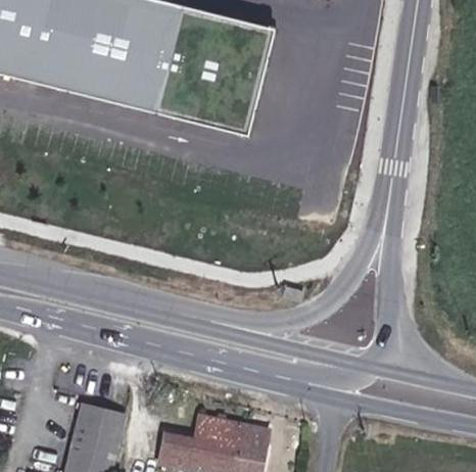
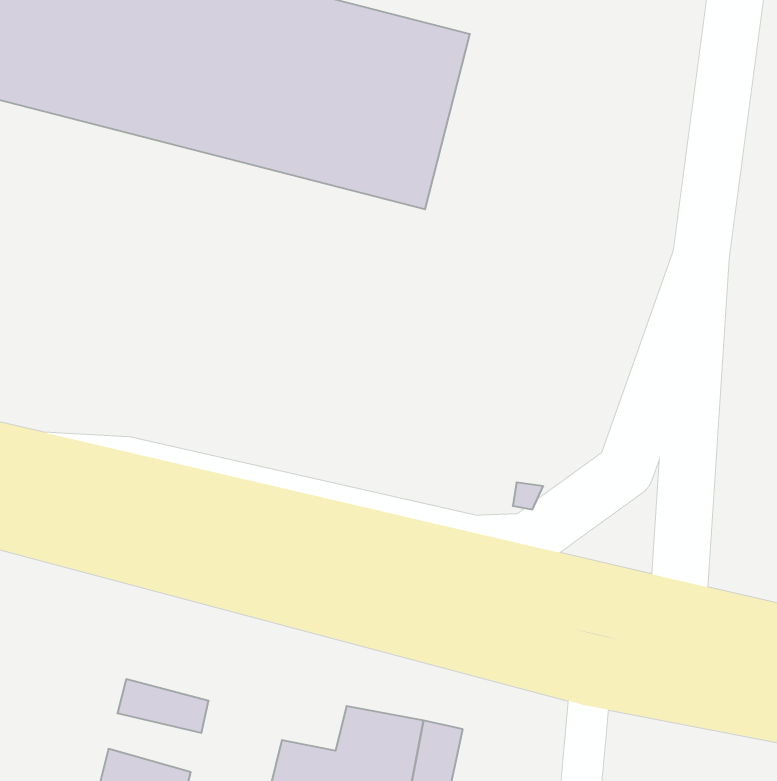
building: [65,421,118,455] -> none

